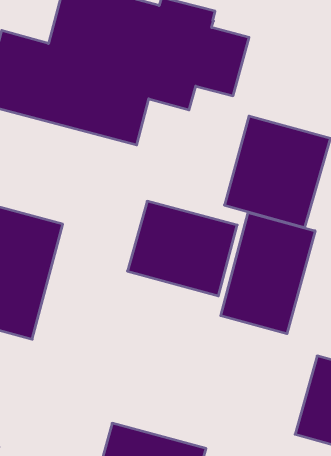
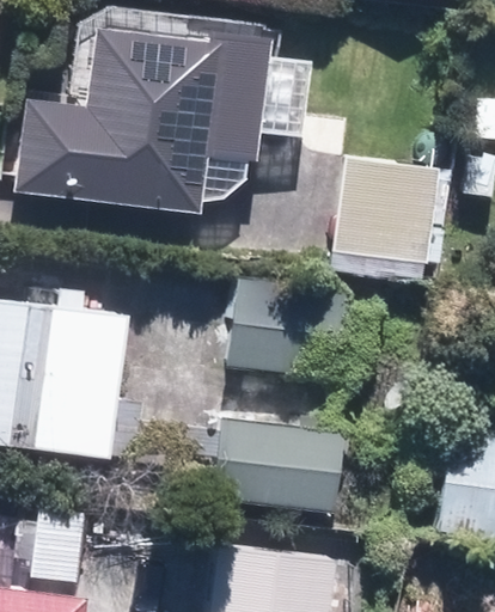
building: [221,212,315,334] -> none
building: none -> [209,417,344,510]

